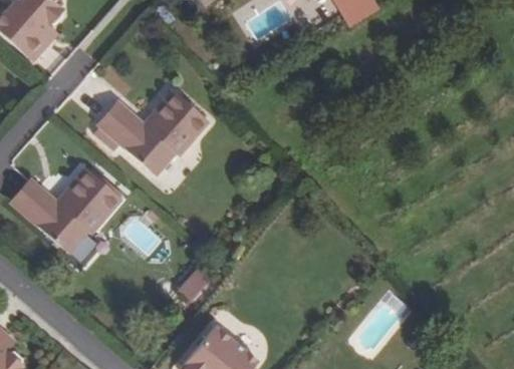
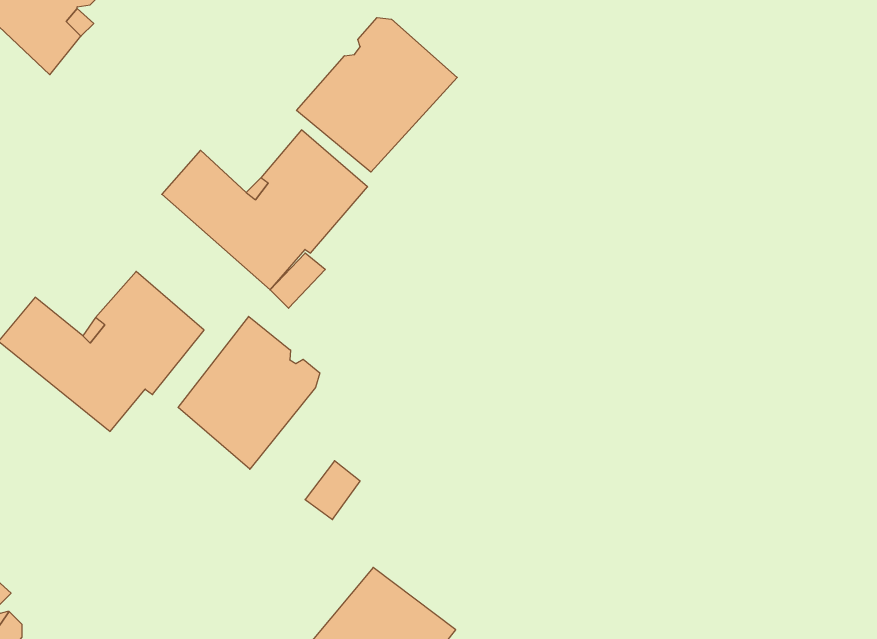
building: none -> [297,18,457,172]
building: none -> [178,316,320,469]

